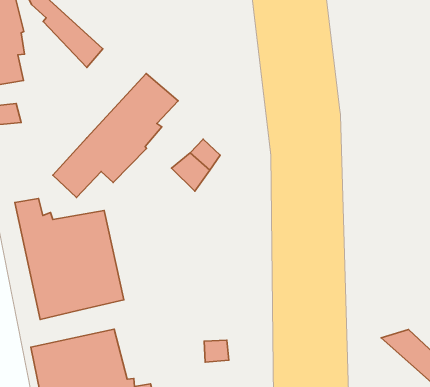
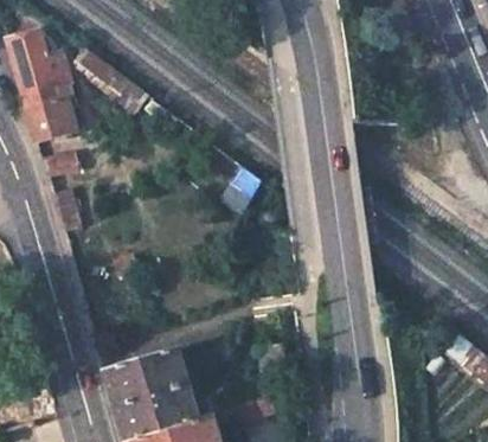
building: [53,74,178,197] -> none
building: [15,199,124,320] -> none

